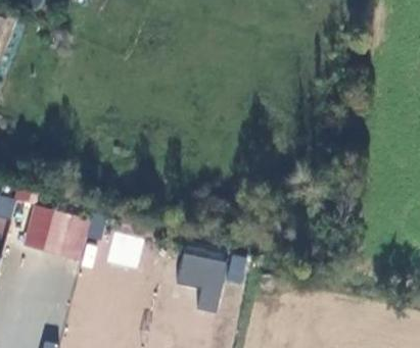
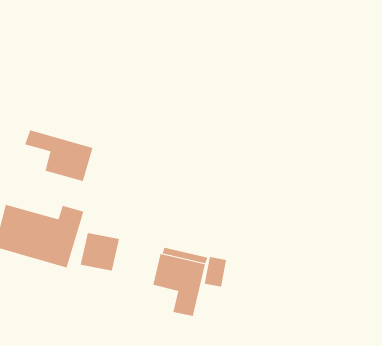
building: none -> [24,129,93,182]

